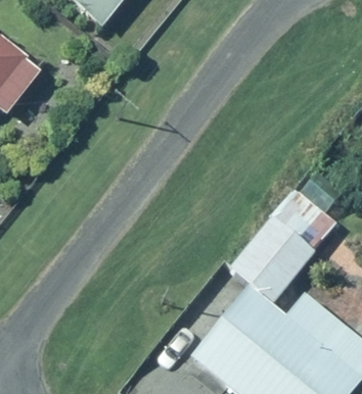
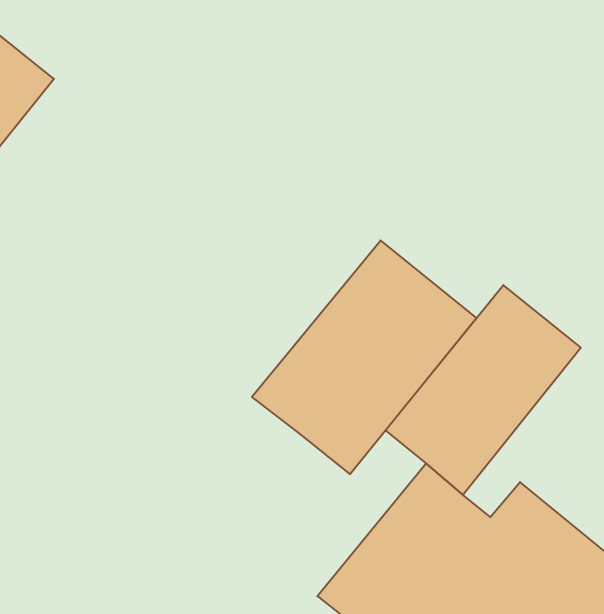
building: none -> [252,240,476,474]

